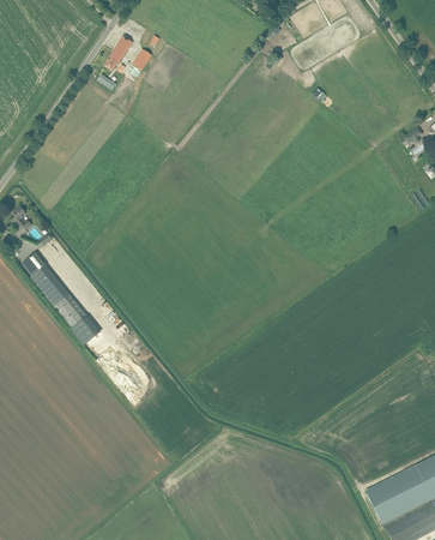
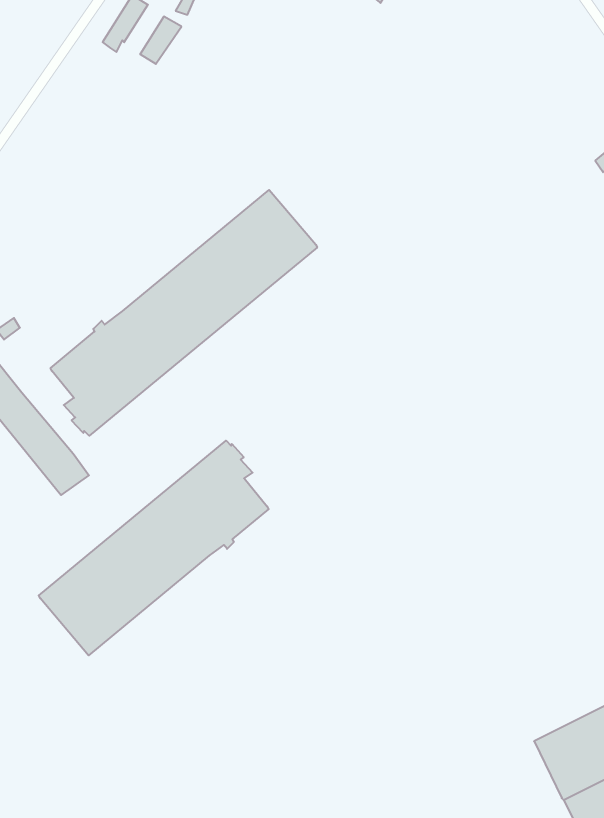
building: none -> [51,190,317,436]
building: none -> [39,441,269,655]

